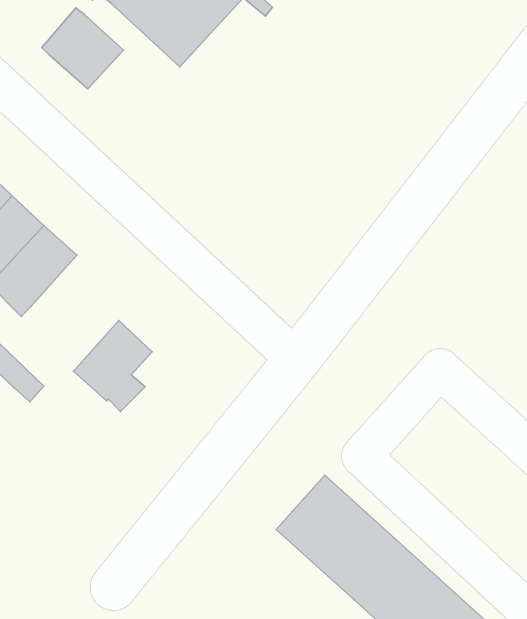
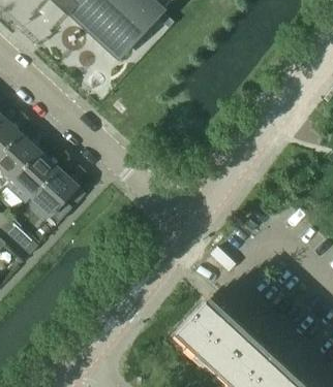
building: [42,8,123,89] -> none
building: [73,321,152,411] -> [30,169,77,223]

